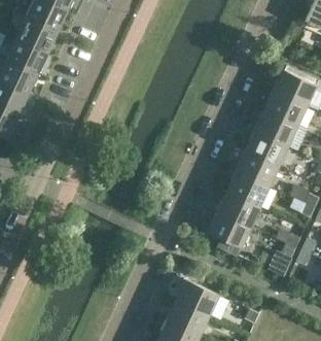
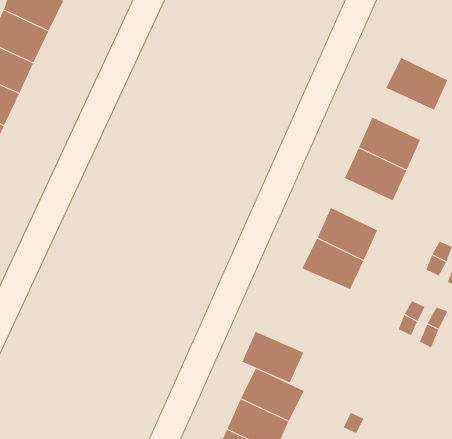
building: [264,92,307,127] -> none
building: [237,152,279,187] -> none
building: [208,213,250,248] -> [241,331,304,383]

